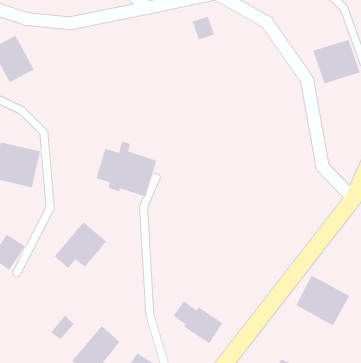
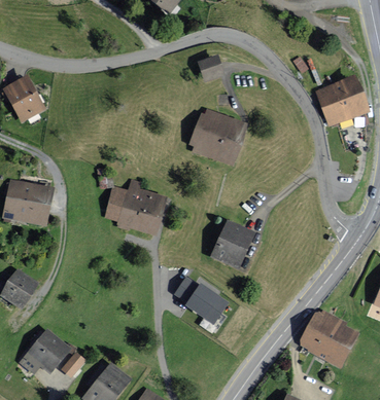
building: none -> [191,111,245,166]
building: none -> [212,223,252,267]
building: [54,222,107,269] -> [18,327,70,373]
building: [173,300,223,344] -> [176,277,226,320]

